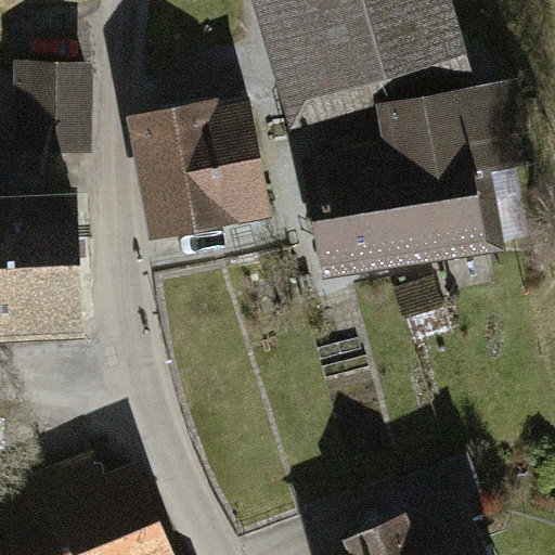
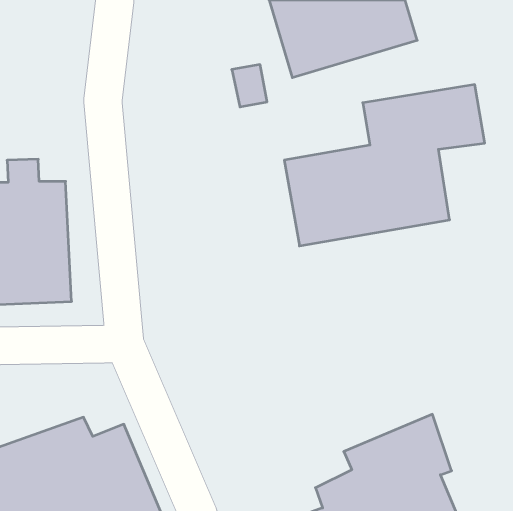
building: [18,69,83,150] -> none
building: [137,109,269,240] -> none

